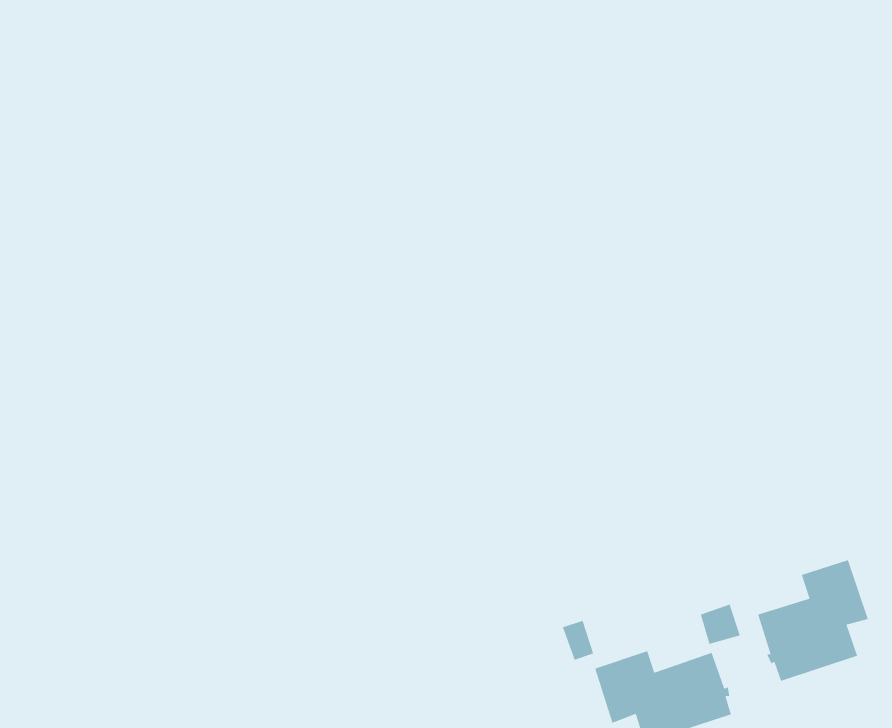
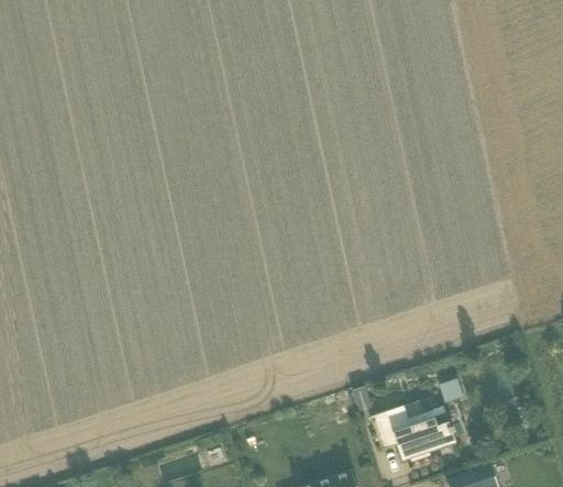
building: [757,559,869,682] -> none

